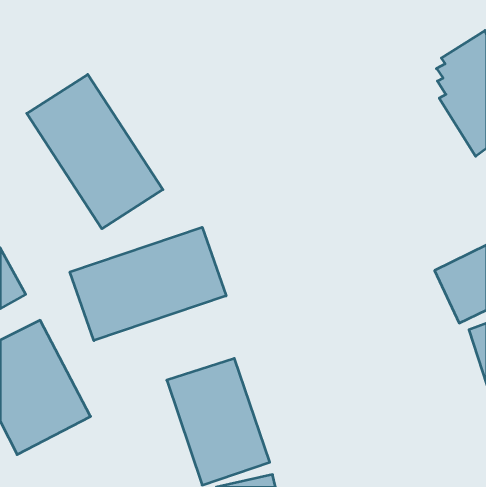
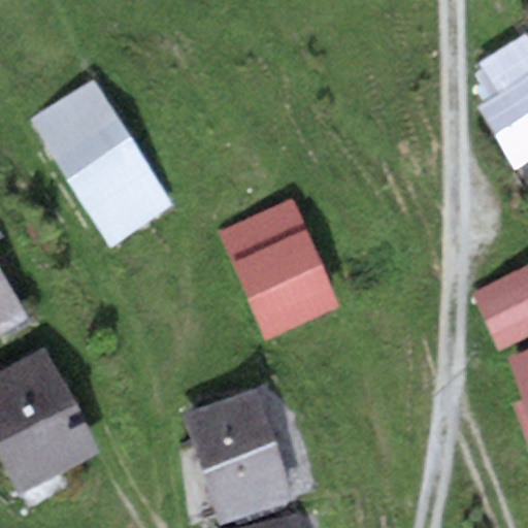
building: none -> [217,197,341,340]
building: [70,227,226,341] -> none

